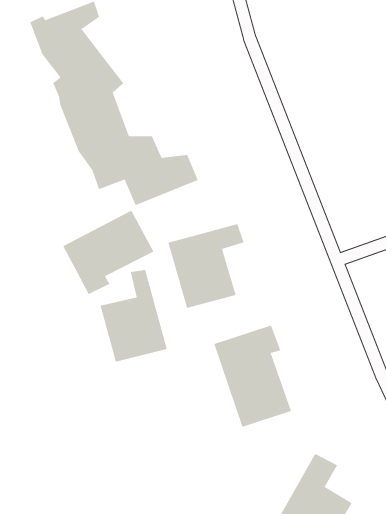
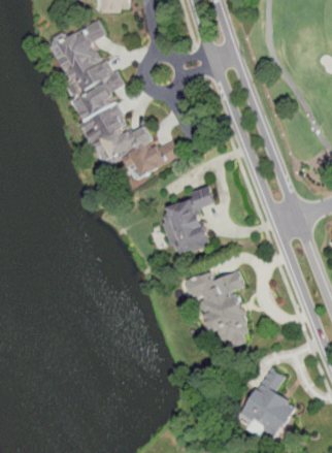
building: [62,210,154,295] -> none
building: [100,269,167,363] -> none

